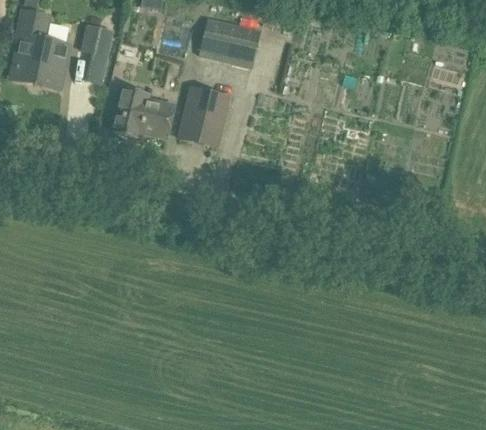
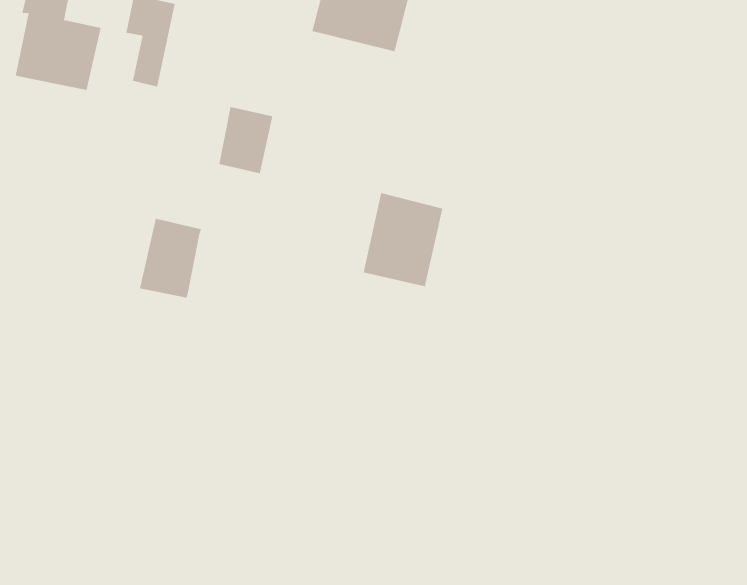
building: [109,87,148,137] -> [139,218,202,298]
building: [179,89,229,148] -> [363,192,443,287]

